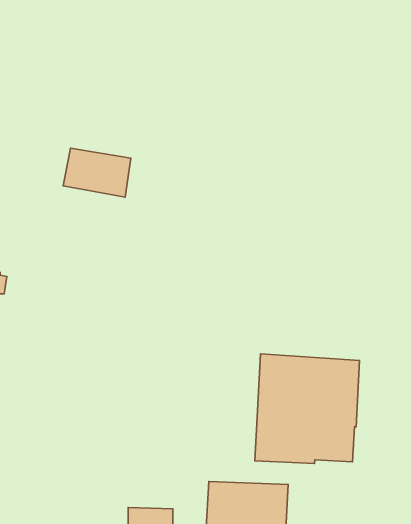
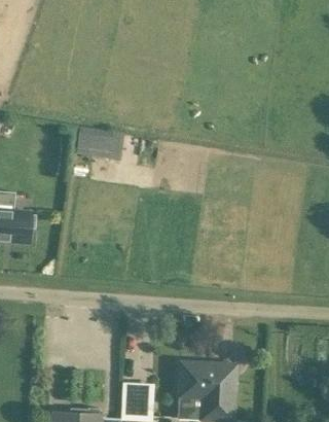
building: [255,354,359,463] -> none

